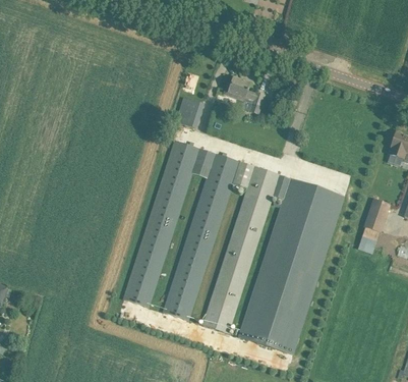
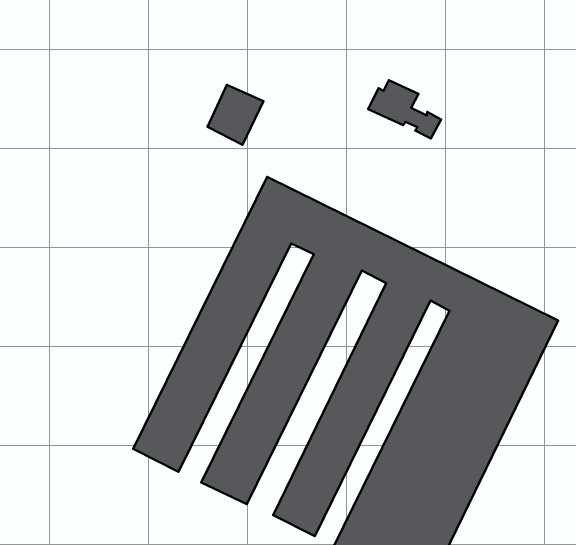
building: [175,96,203,127] -> [208,85,264,145]

